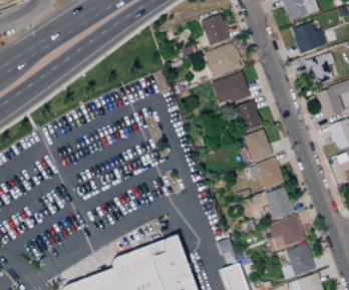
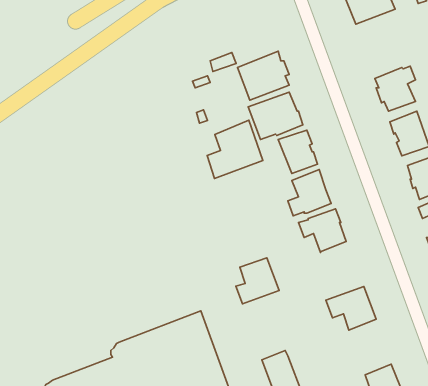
building: [202,14,231,46] -> none
building: [292,21,330,53] -> none
building: none -> [207,120,263,179]
building: [262,187,294,221] -> [236,258,279,304]
building: [282,243,316,279] -> none

